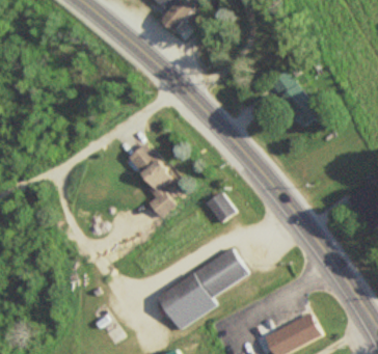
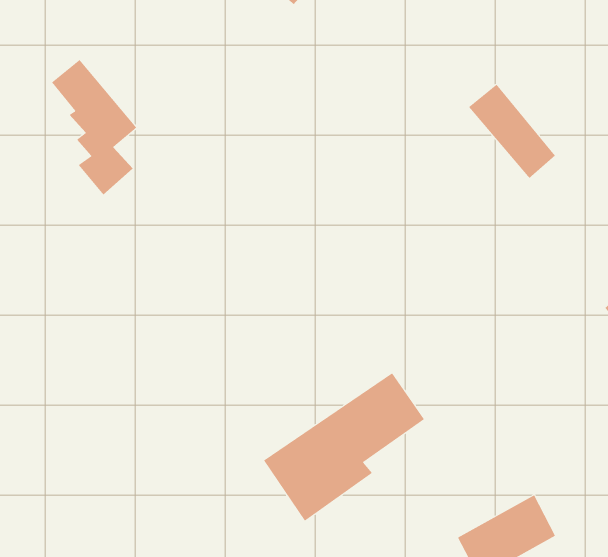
building: [128,140,178,219] -> [51,59,137,196]
building: [205,189,235,221] -> none

